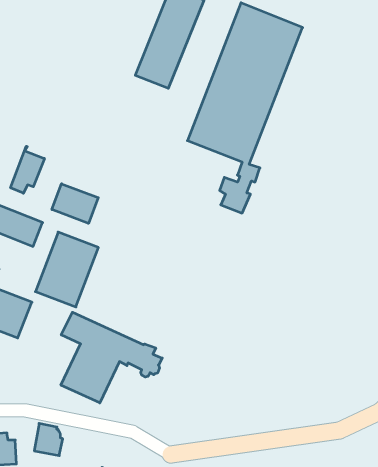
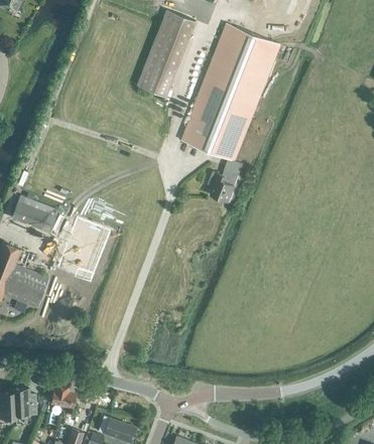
building: [11,146,44,193] -> none
building: [52,184,98,223] -> none
building: [61,312,162,403] -> none

